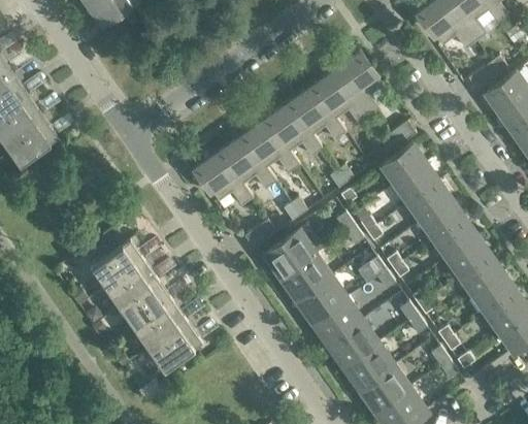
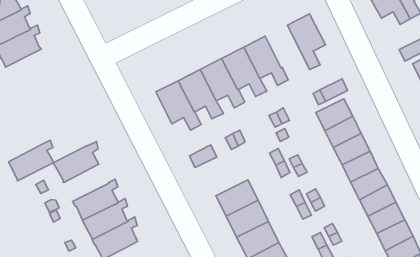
building: [311,69,368,125] -> none
building: [265,225,323,278] -> none
building: [104,256,156,308] -> [9,140,53,181]

